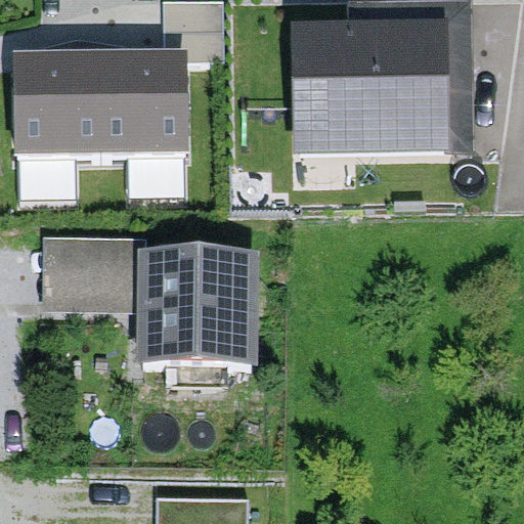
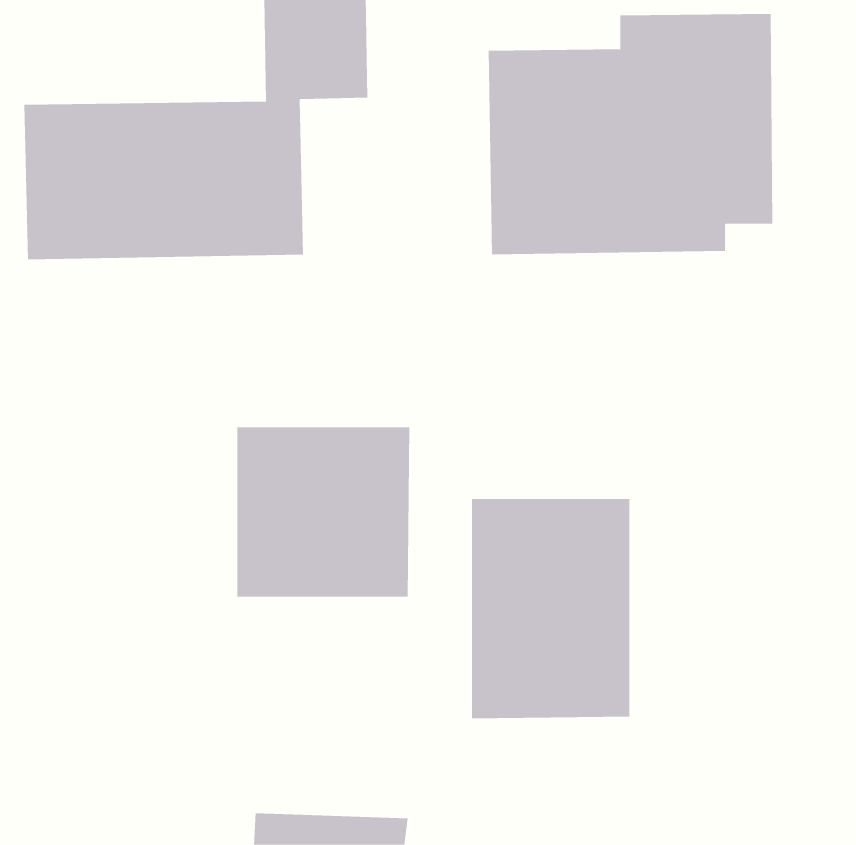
building: [44,237,132,296] -> none
building: none -> [471,498,630,719]

